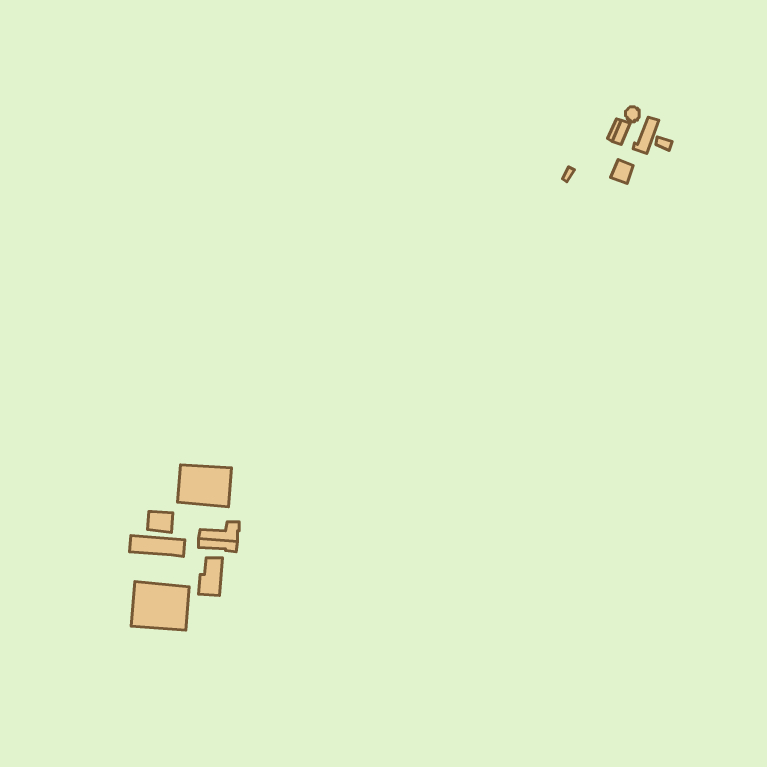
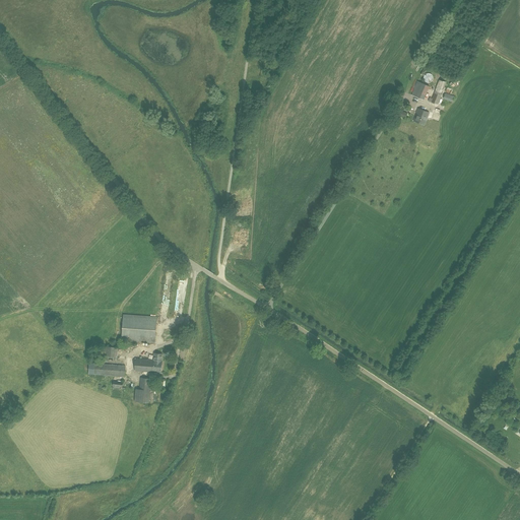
building: [131,581,189,630] -> none

